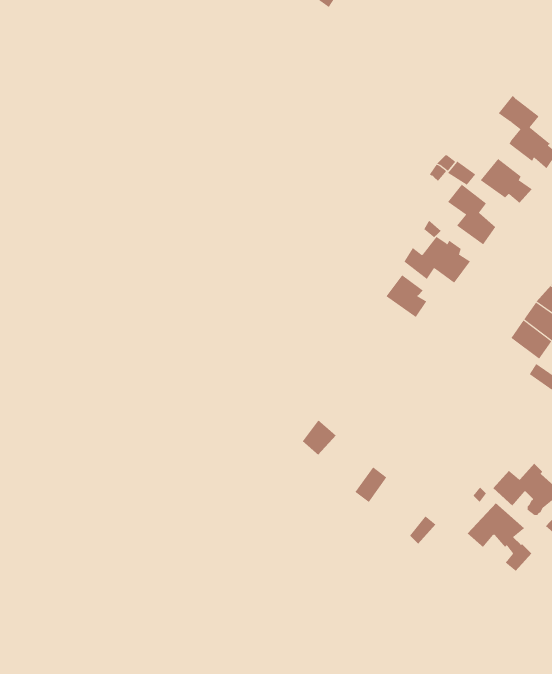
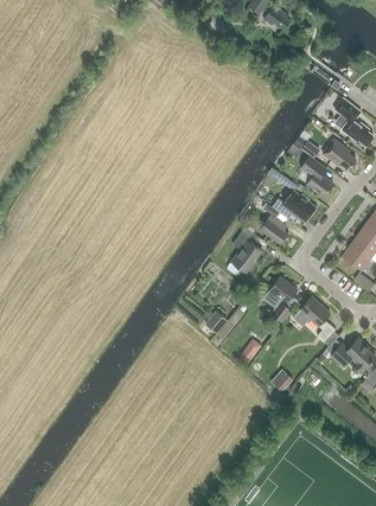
building: none -> [228,226,262,274]
building: none -> [265,275,298,321]
building: [467,503,532,572] -> [293,296,336,341]

